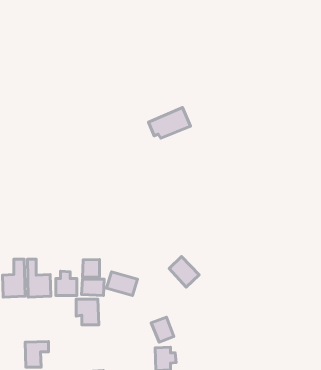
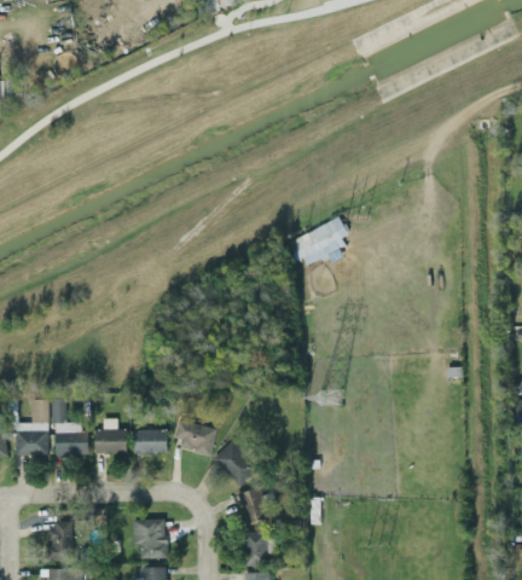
building: [149,107,191,138] -> [288,219,350,265]
building: [169,256,199,287] -> [214,441,259,487]
building: [82,260,100,277] -> none
building: [76,299,99,325] -> [133,520,167,558]

